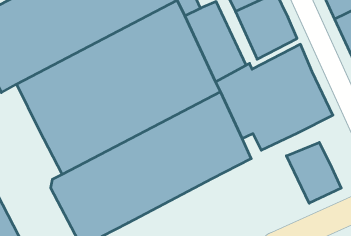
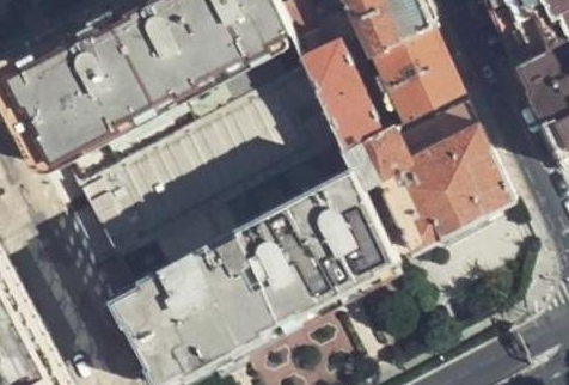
building: [286,142,341,203] -> none

